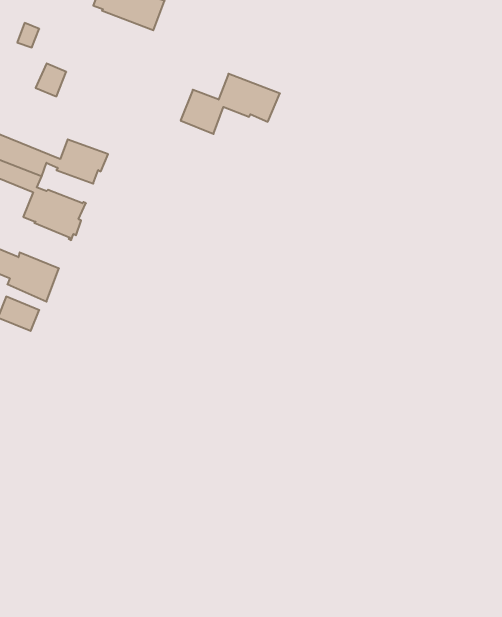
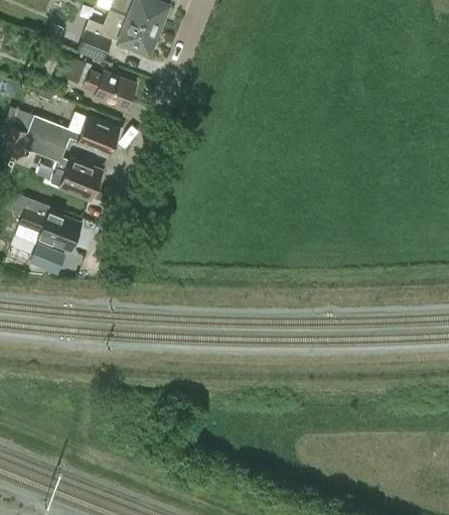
building: [181,74,280,134] -> [78,12,159,61]
building: none -> [83,69,137,110]

